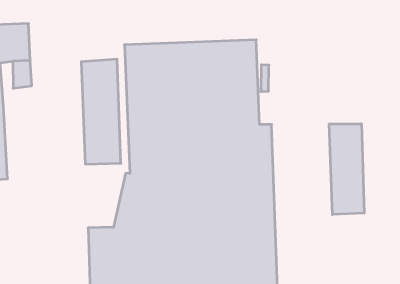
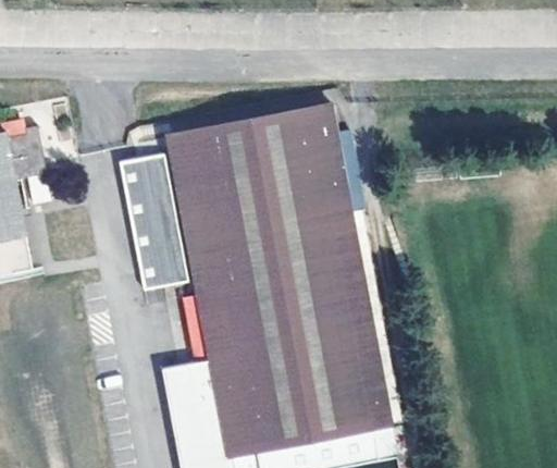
building: [329,124,364,215] -> none

